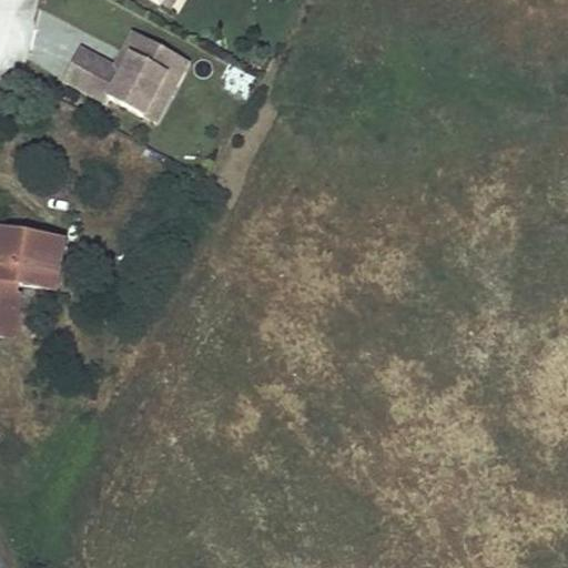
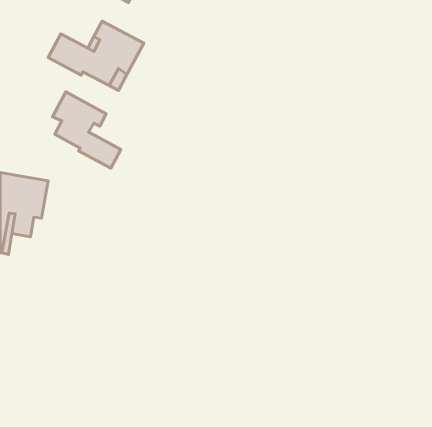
building: none -> [53,92,121,168]

